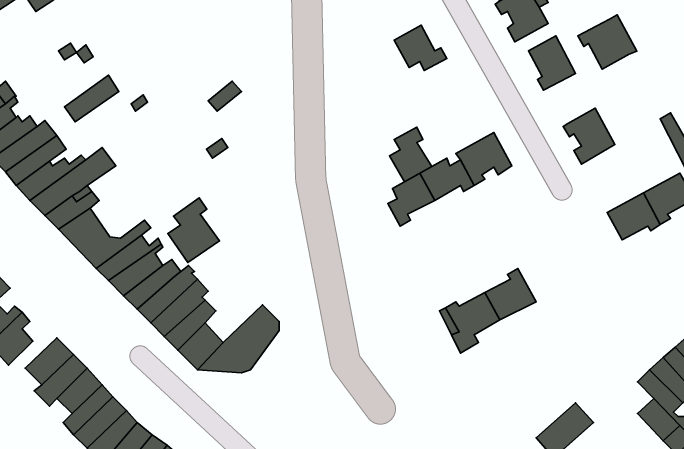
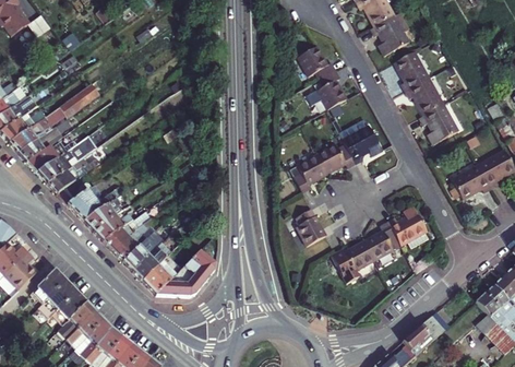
building: [578,15,637,69] -> [406,75,448,115]
building: [389,127,432,182] -> [316,68,347,107]
building: [168,198,219,262] -> none
building: none -> [387,203,428,245]
building: none -> [296,205,325,242]

